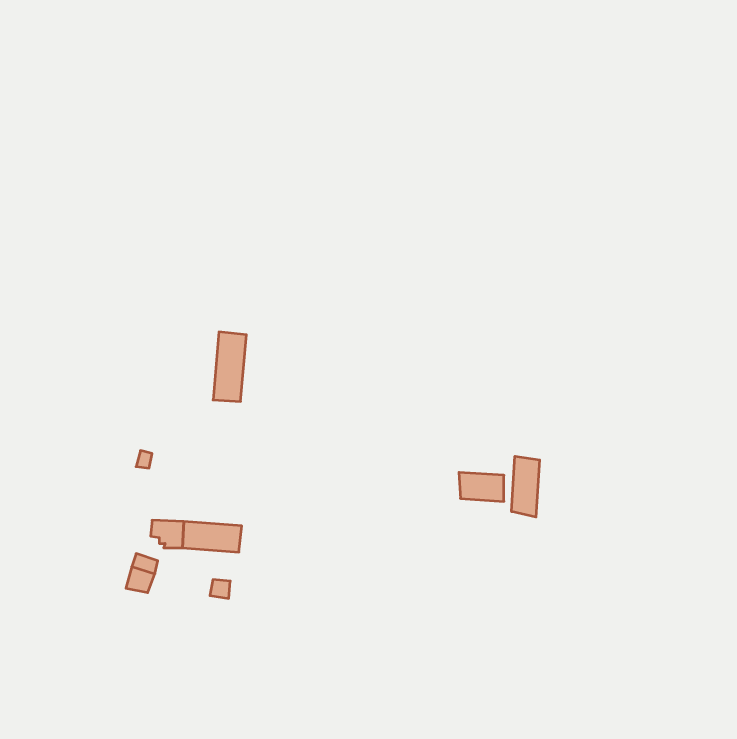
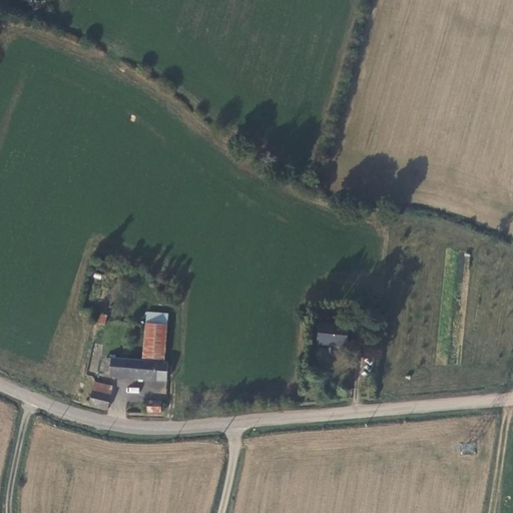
building: [213,332,246,401] -> [143,312,166,360]
building: [512,456,540,517] -> none

